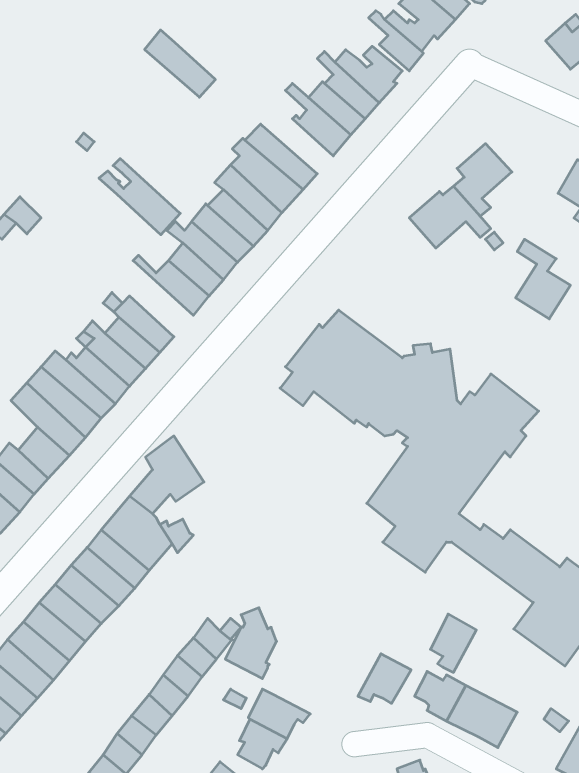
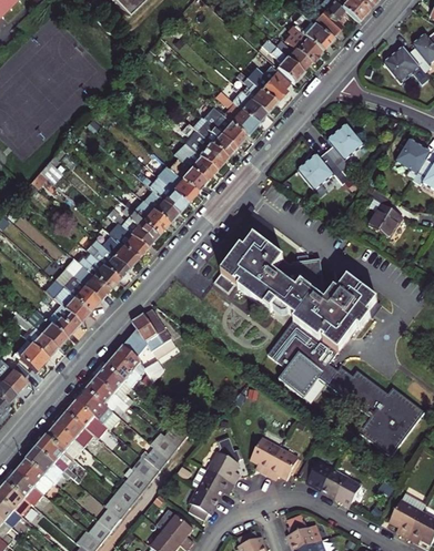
building: [145,30,215,97] -> [203,104,248,146]
building: [99,159,180,235] -> [109,201,160,248]
building: [225,608,277,679] -> [210,440,242,484]
building: [430,614,476,672] -> [249,437,277,473]

